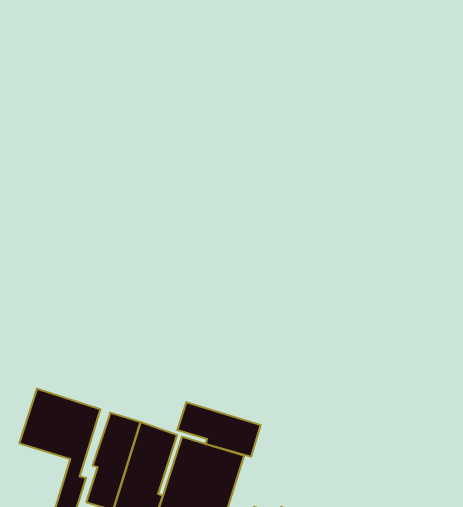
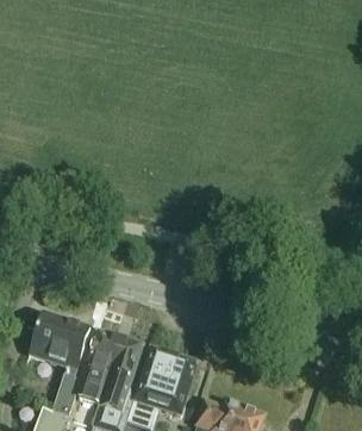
building: [177,402,261,457] -> none

